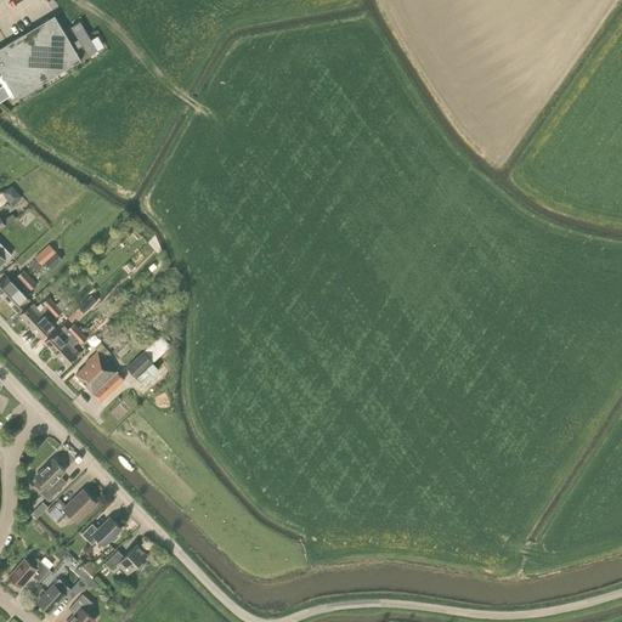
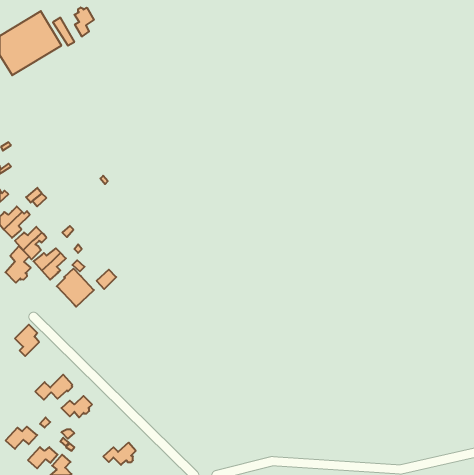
building: none -> [74,7,94,37]
building: none -> [5,246,31,283]
building: [34,459,66,501] -> [15,325,39,356]
building: [103,544,146,573] -> [103,443,136,465]

